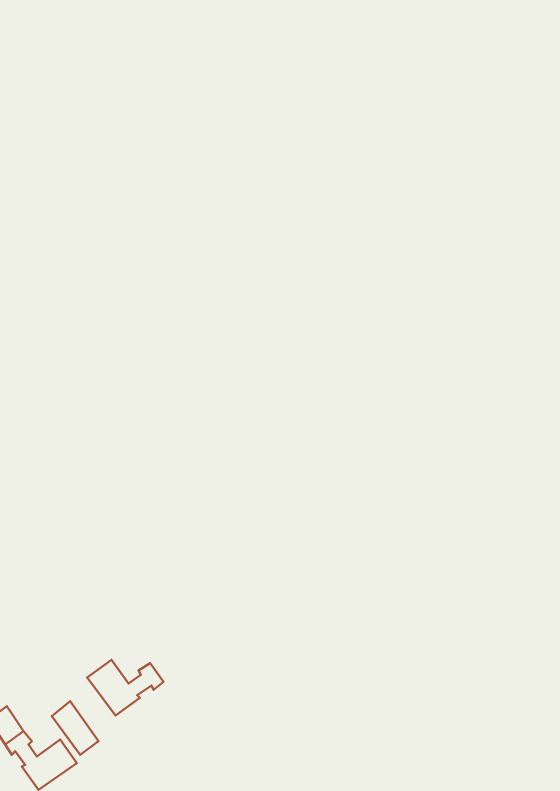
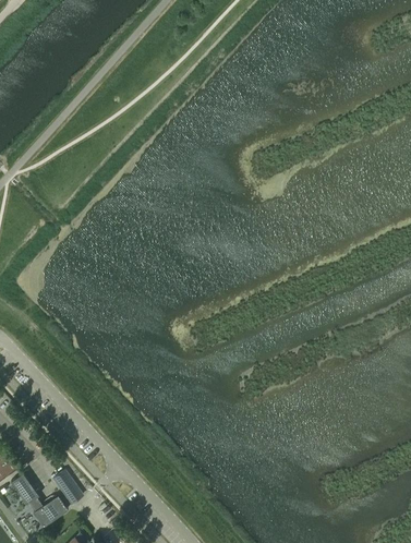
building: [87,660,164,716] -> none

